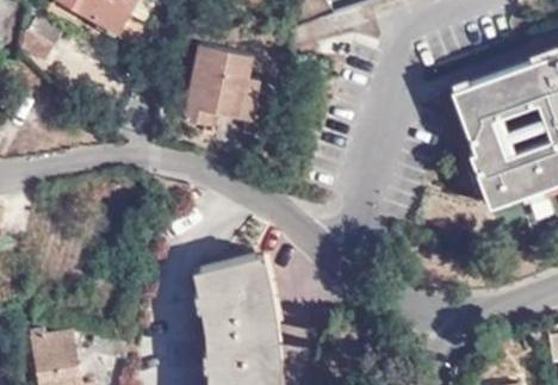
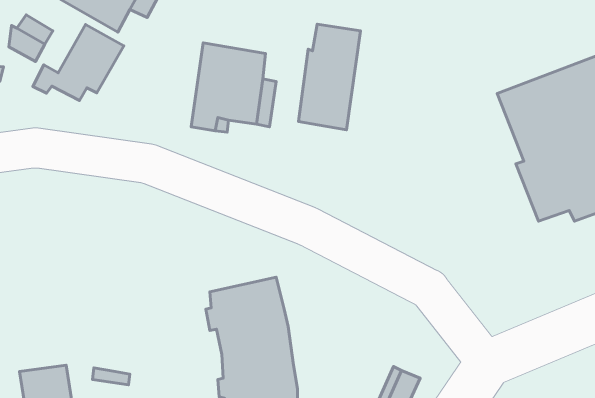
building: none -> [299,24,361,130]
building: none -> [33,25,124,101]

